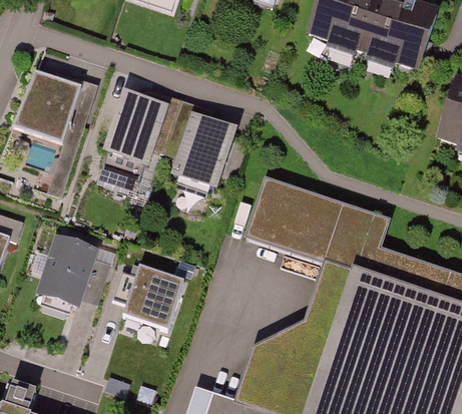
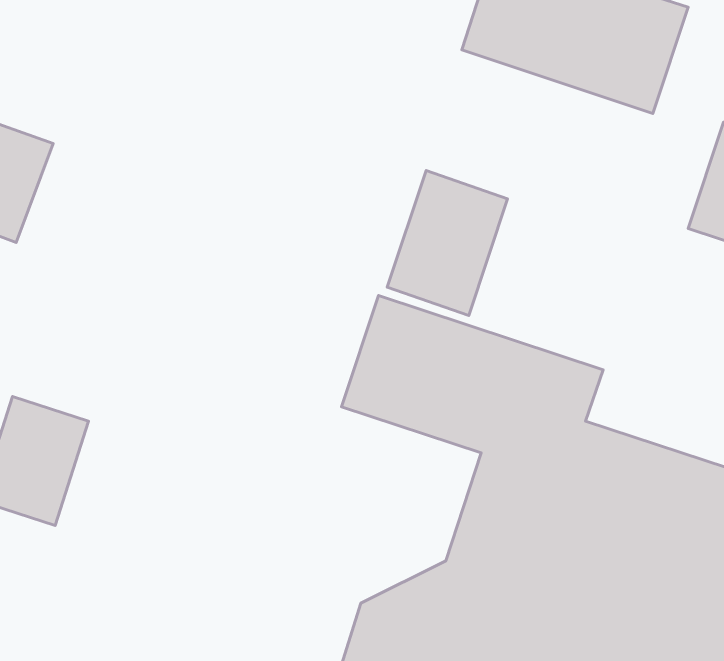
building: [97,89,166,170] -> none
building: [167,112,236,194] -> [387,170,508,315]
building: [125,262,191,326] -> none

